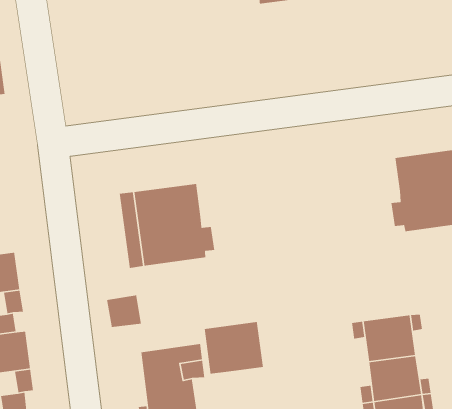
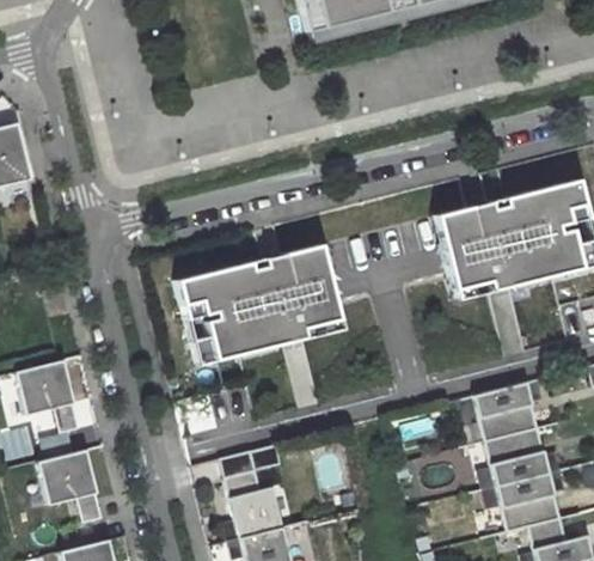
building: none -> [434,206,510,300]
building: none -> [274,244,339,342]
building: [204,321,264,375] -> none

